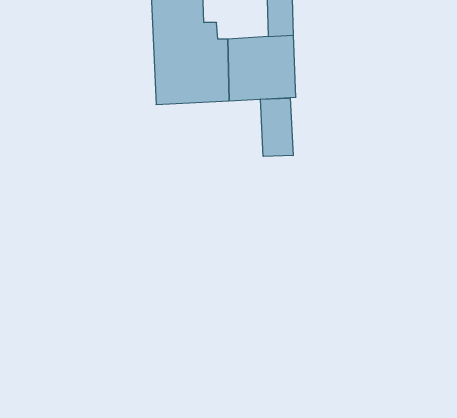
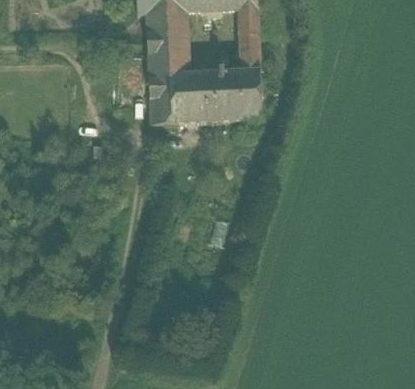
building: [260,98,293,156] -> none

